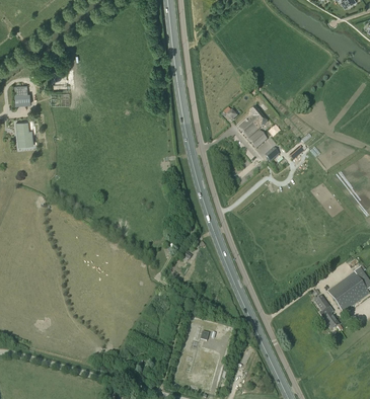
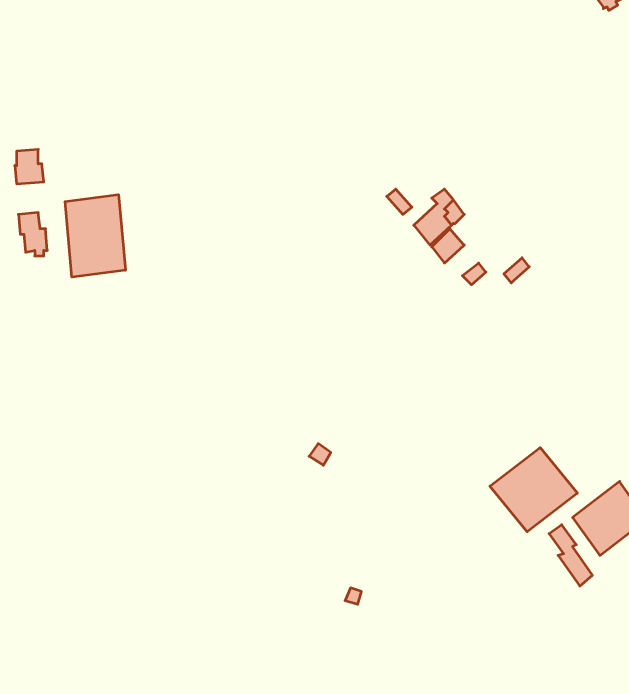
building: none -> [65,195,125,277]
building: none -> [490,448,577,532]

